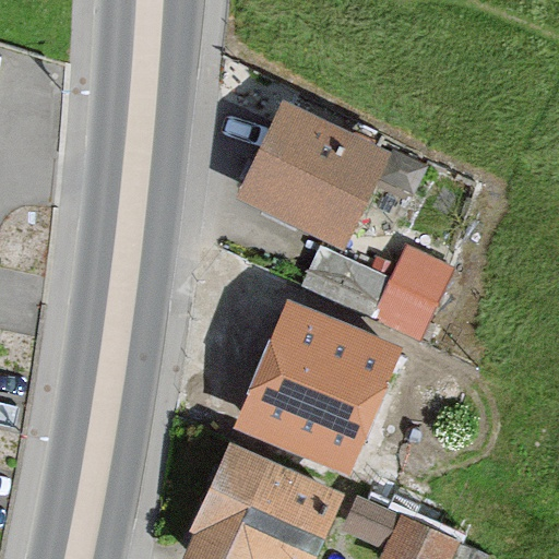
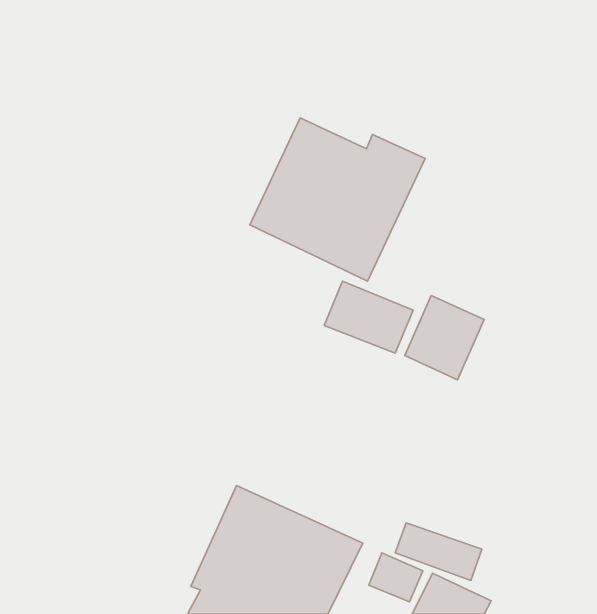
building: [215,262,400,474] -> none

